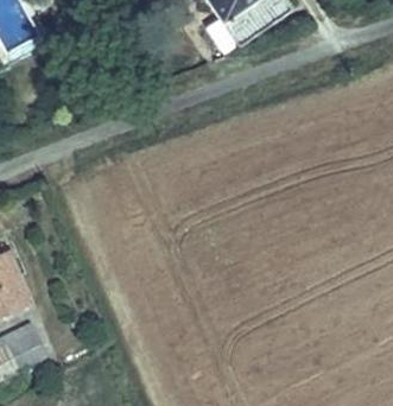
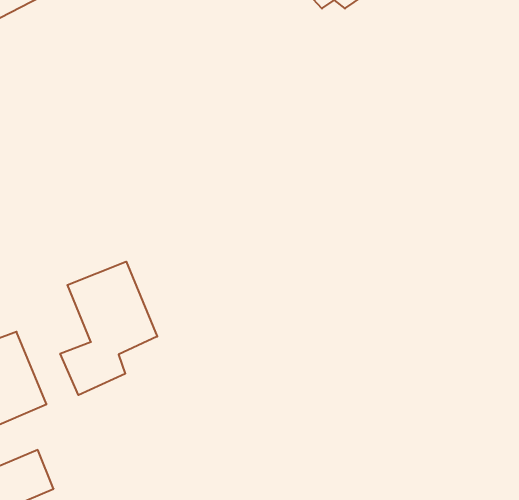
building: none -> [60,262,157,395]

